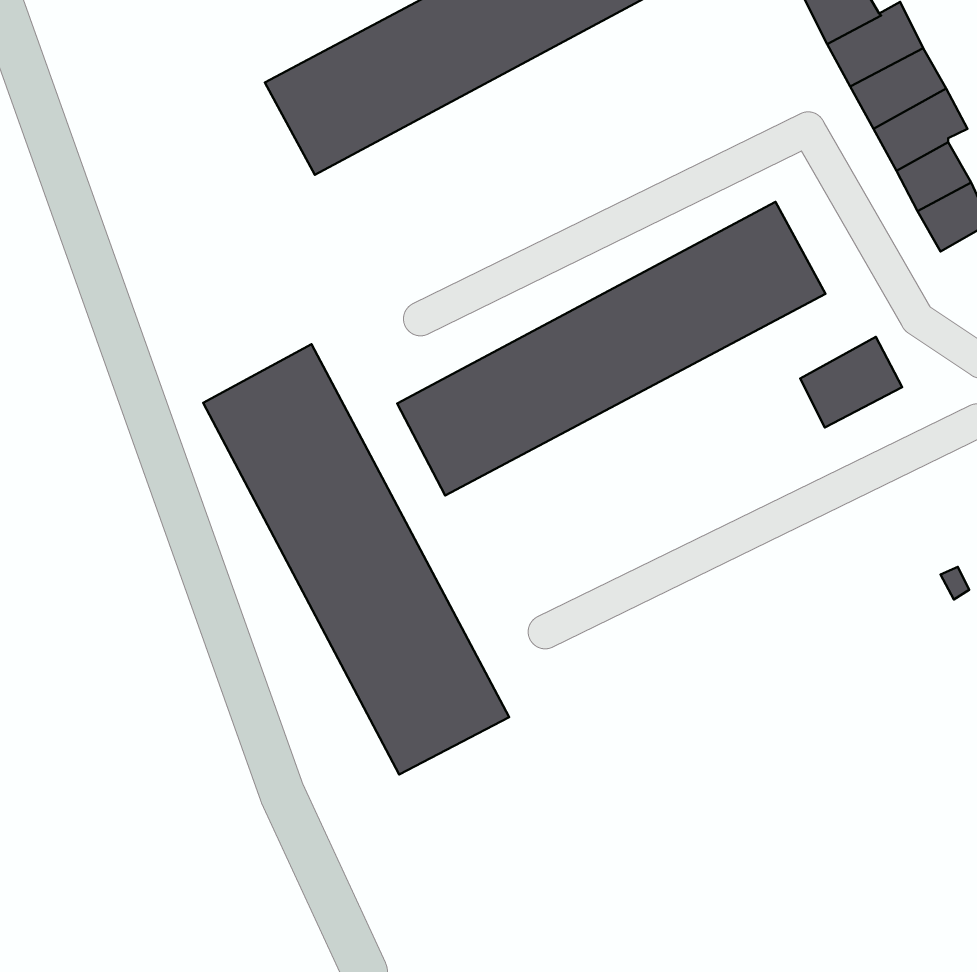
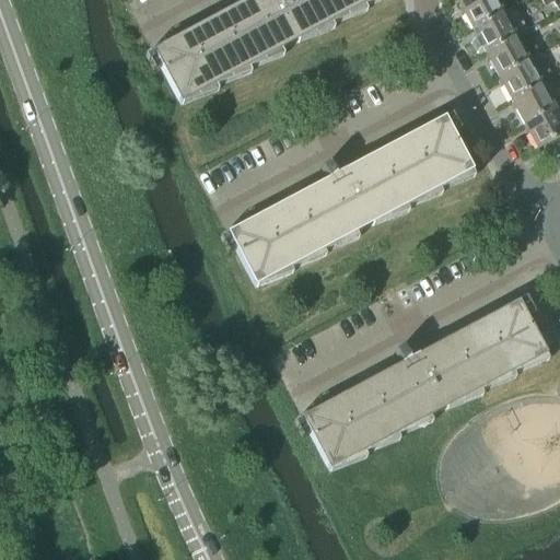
building: [800,337,902,428] -> none
building: [203,344,509,775] -> none
building: none -> [302,299,547,467]

